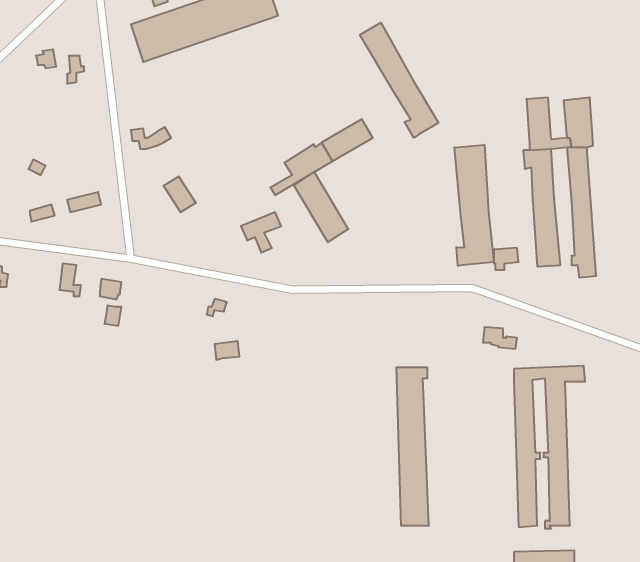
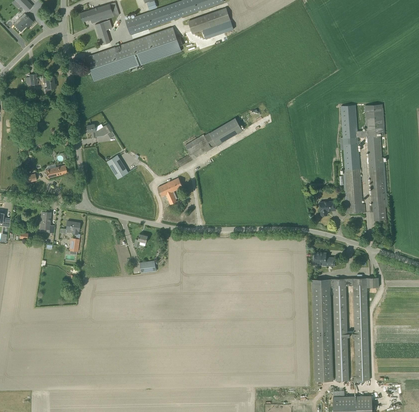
building: [360,23,438,138] -> none
building: [454,145,494,266] -> none
building: [294,172,348,242] -> none
building: [396,367,429,526] -> [313,279,334,381]

